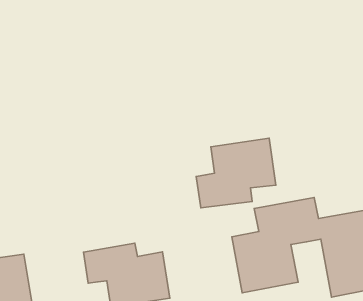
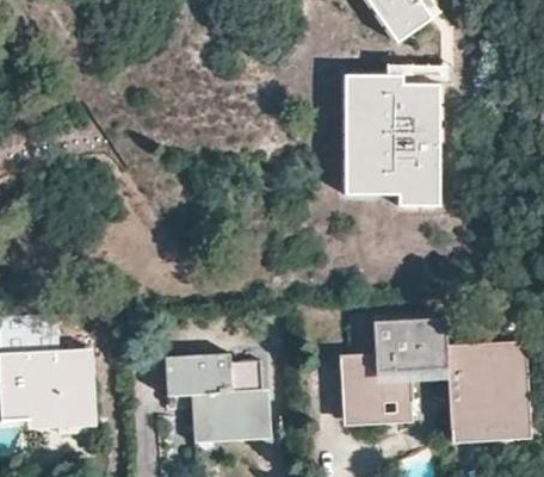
building: none -> [348,78,446,212]
building: [196,138,276,208] -> none

